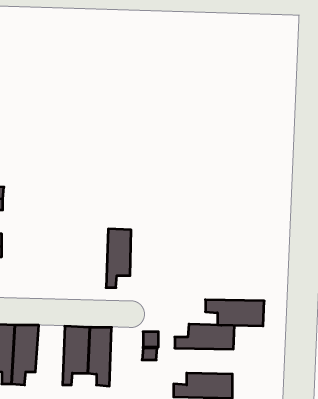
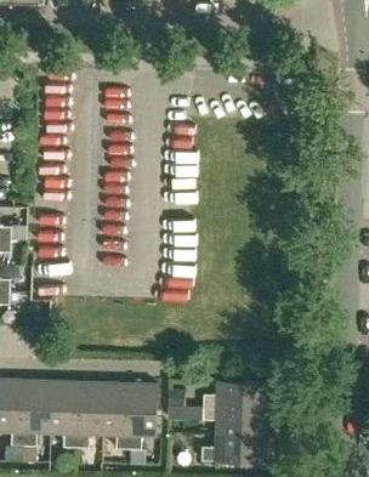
building: [106,229,131,288] -> [130,385,158,450]
building: [205,300,264,326] -> [203,408,268,437]
building: none -> [47,382,80,449]

